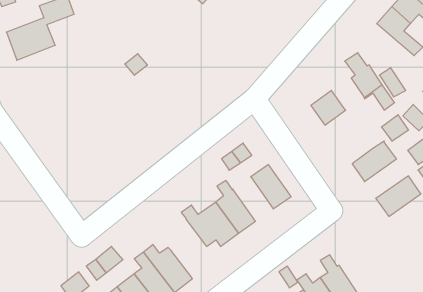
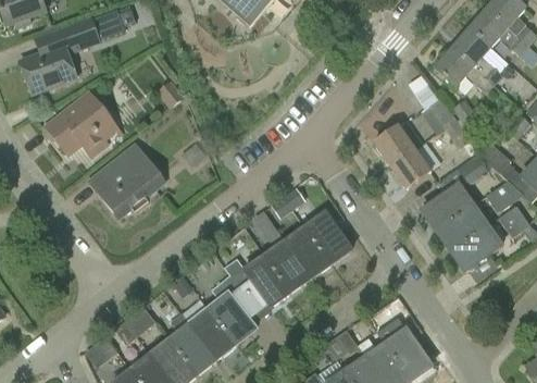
building: none -> [433,49,494,95]
building: none -> [48,91,121,153]
building: none -> [99,143,165,217]
building: none -> [390,149,430,189]
building: none -> [436,206,487,251]
building: none -> [284,226,330,277]
building: none -> [209,275,255,344]

